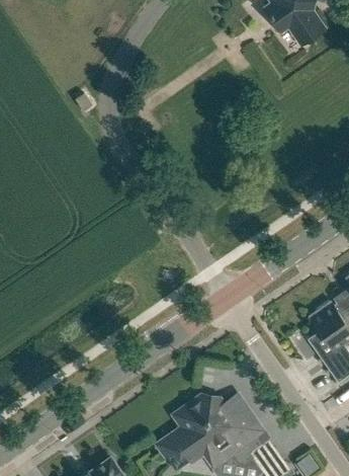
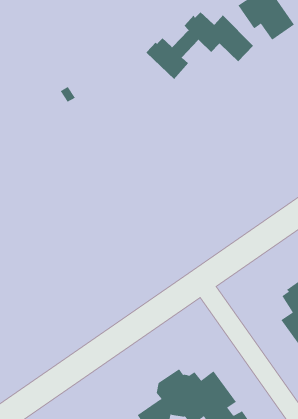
building: none -> [146,12,254,80]

